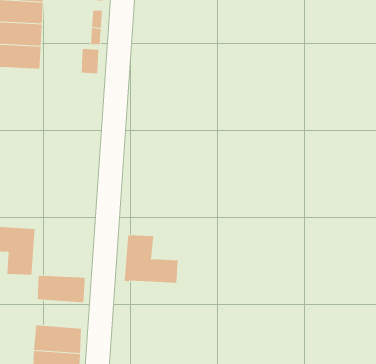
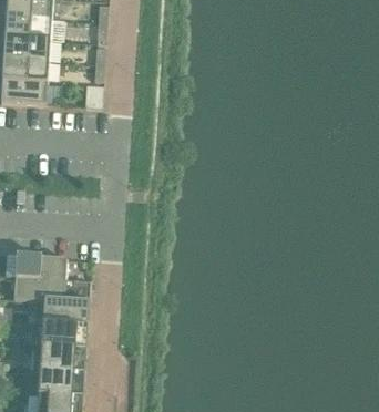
building: [124,235,178,283] -> [38,255,90,301]
building: none -> [41,322,88,350]

